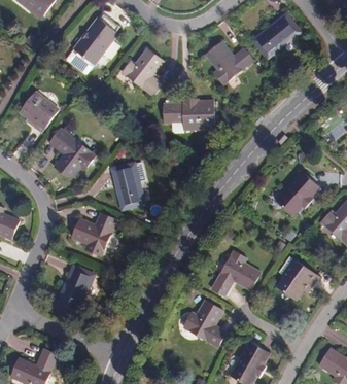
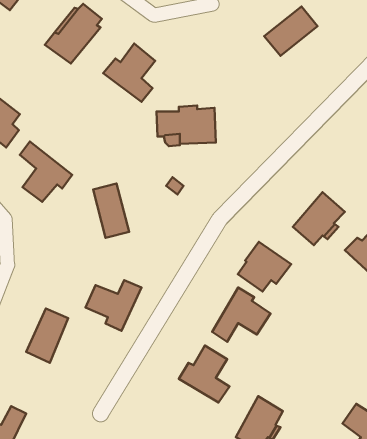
building: [203,43,251,85] -> none
building: [69,215,115,257] -> [86,280,141,331]
building: [274,257,318,299] -> [238,242,291,291]

